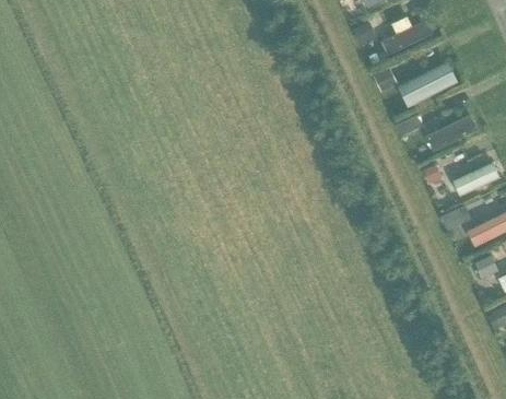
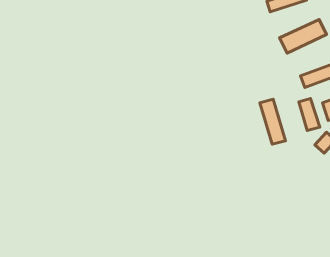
building: none -> [260,99,285,144]

